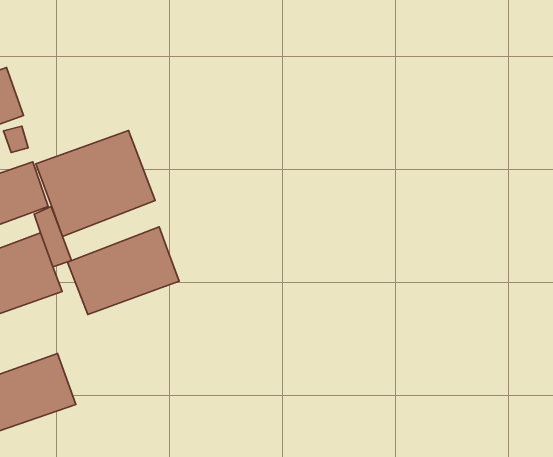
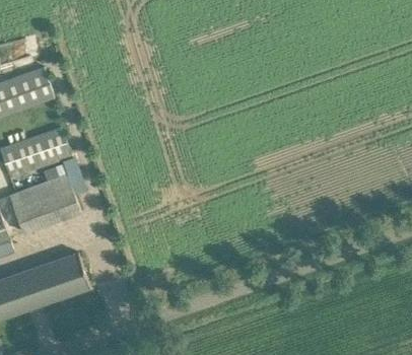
building: [36,131,155,236] -> none
building: [68,227,179,314] -> none

